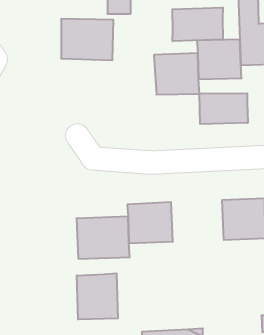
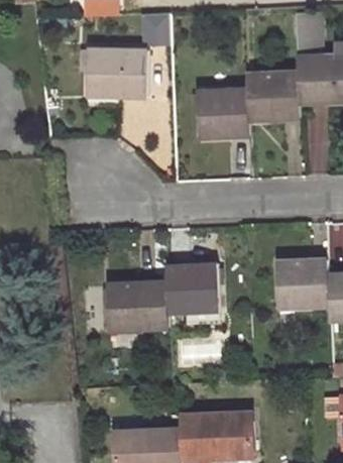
building: [173,7,223,41] -> none
building: [200,93,248,124] -> none
building: [77,273,118,320] -> none

